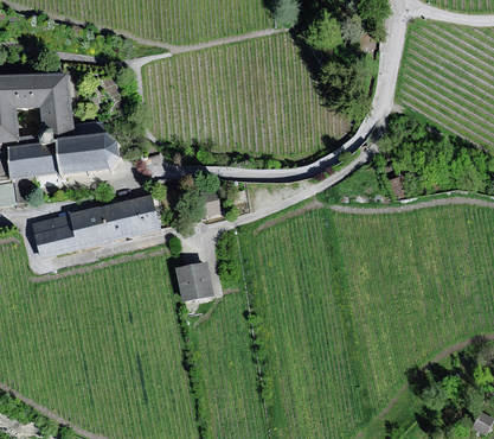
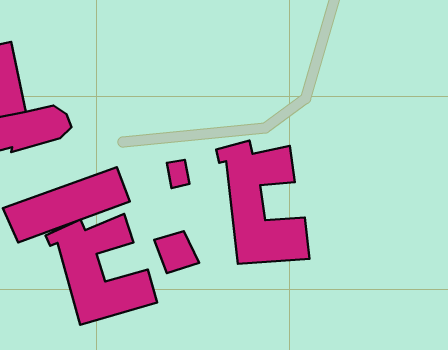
building: none -> [216,140,310,264]
building: none -> [46,214,157,325]

